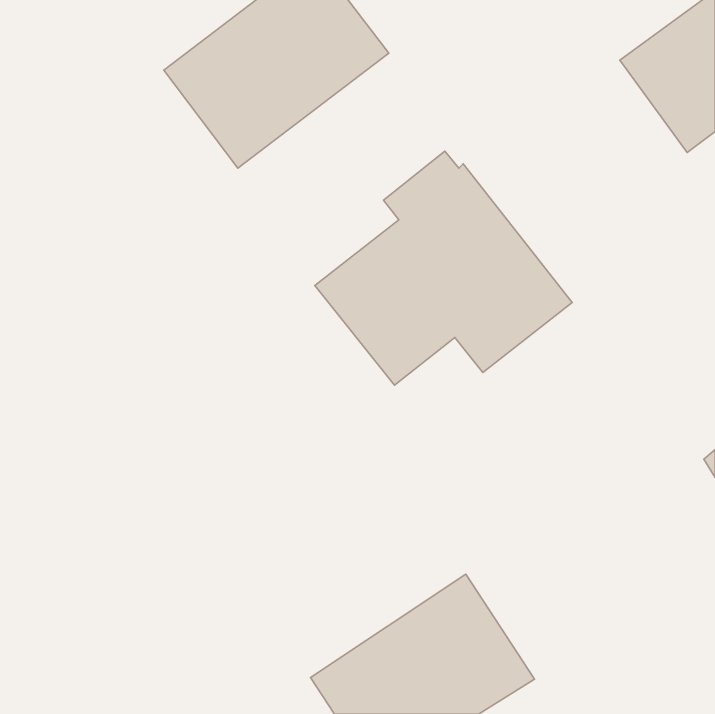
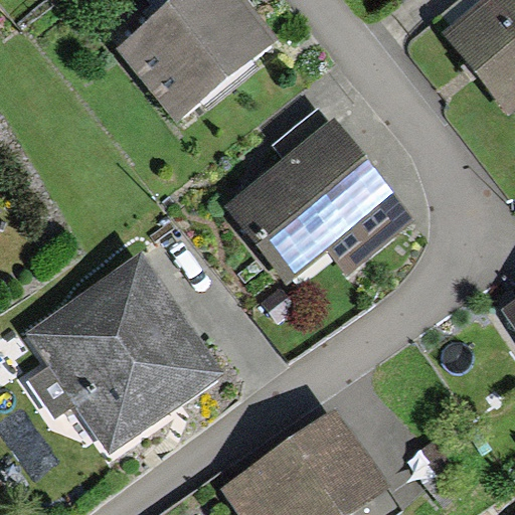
building: none -> [26,253,224,452]

